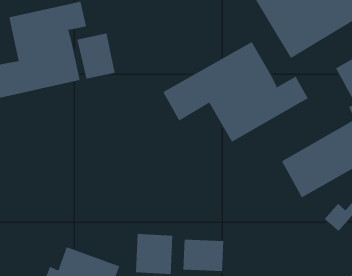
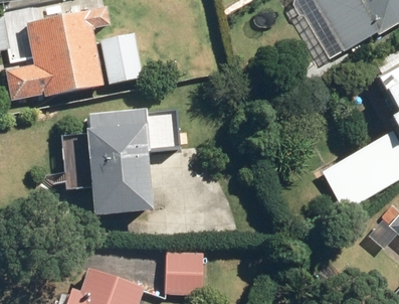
building: [163,41,309,142] -> none
building: none -> [62,110,180,216]
building: [183,239,224,272] -> none

